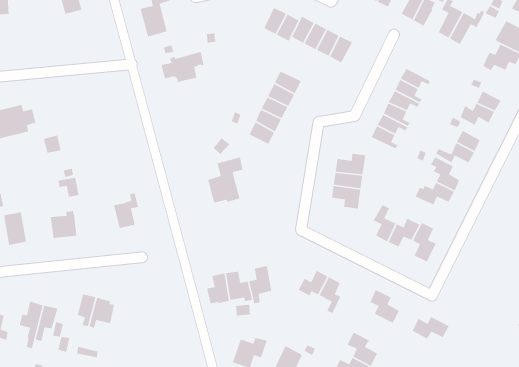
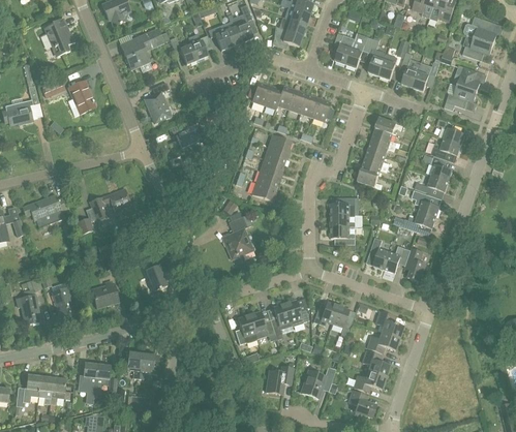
building: none -> [89,187,130,220]
building: none -> [283,300,308,326]
building: [412,316,450,340] -> [366,332,398,352]

